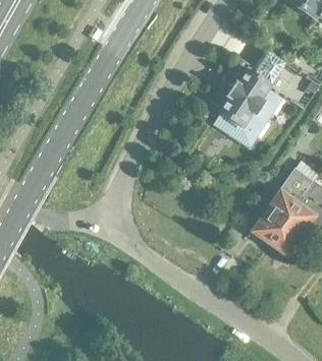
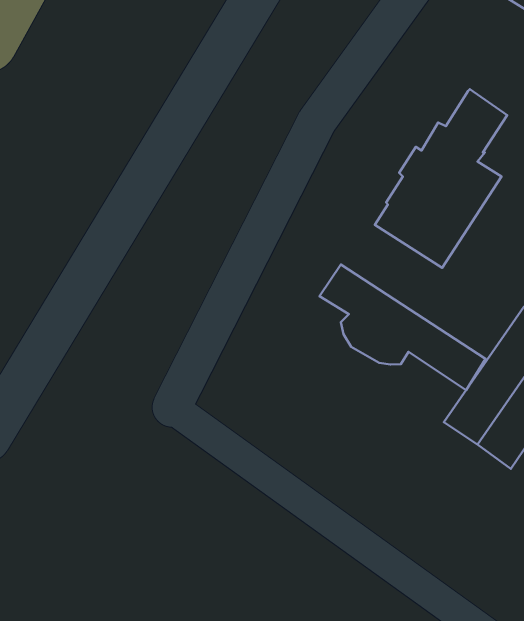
building: none -> [320,264,485,390]

